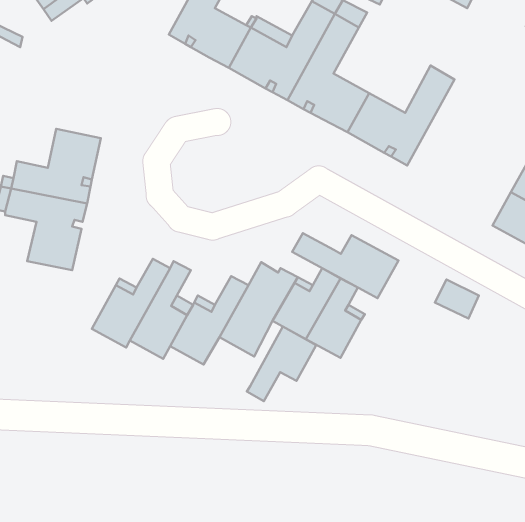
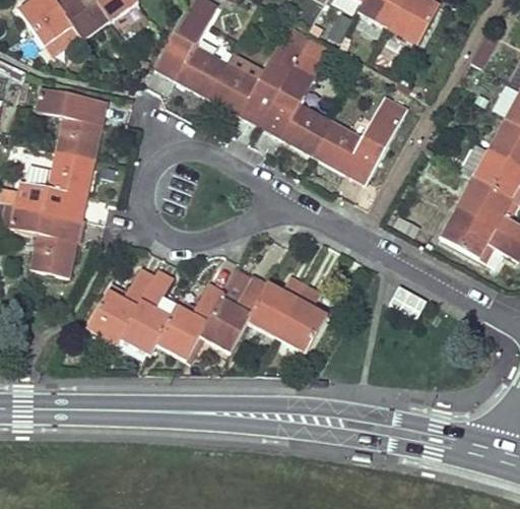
building: none -> [36,86,108,160]
building: [292,233,399,298] -> none
building: [247,327,316,401] -> none

